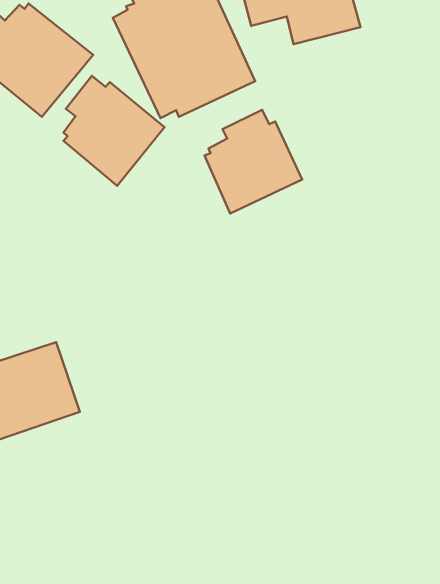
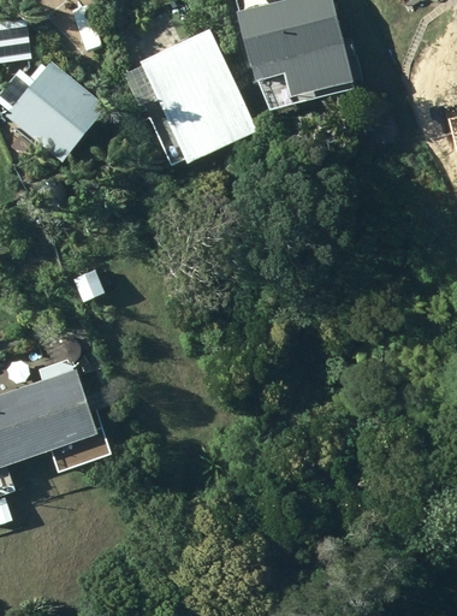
building: [63,76,165,186] -> none
building: [204,110,302,213] -> none

